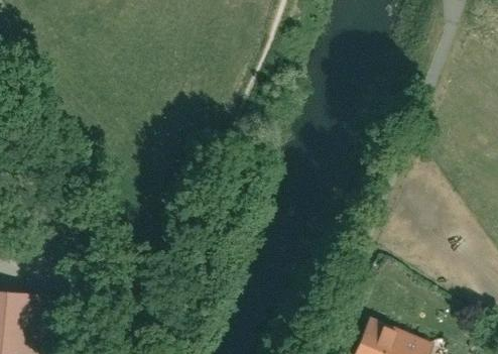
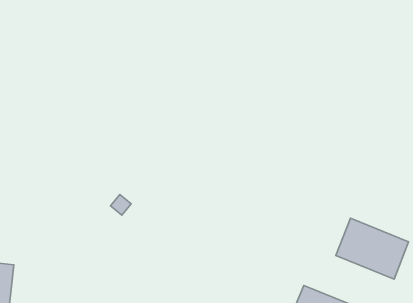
building: none -> [336,218,408,279]

